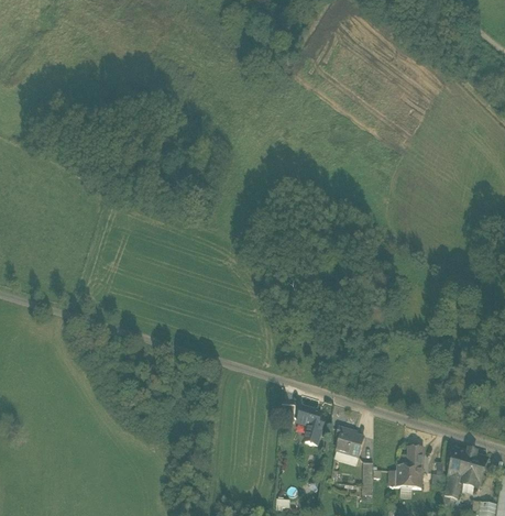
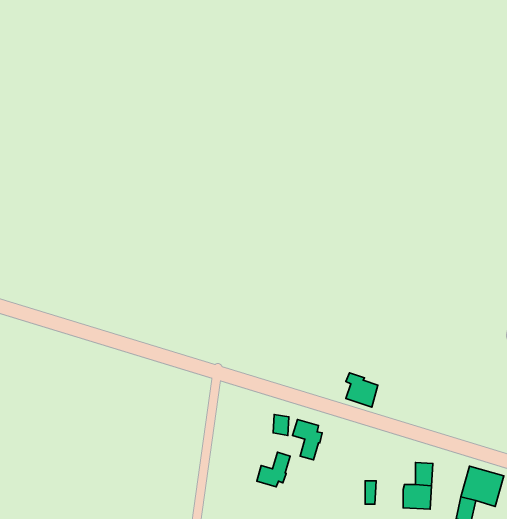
building: [334,426,363,457] -> [346,373,378,407]
building: none -> [257,452,290,487]

